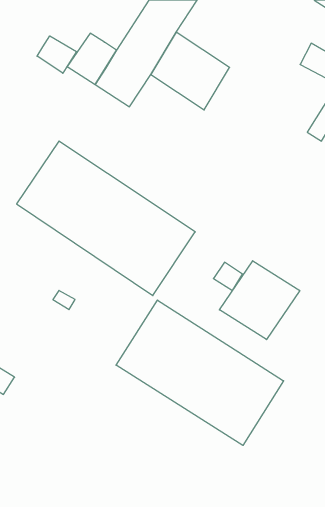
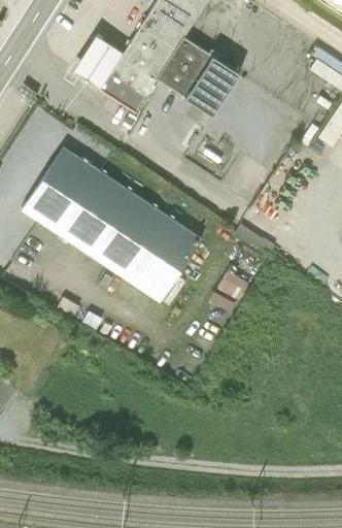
building: [37,36,77,73] -> none
building: [219,261,300,340] -> none
building: [116,300,284,445] -> none

